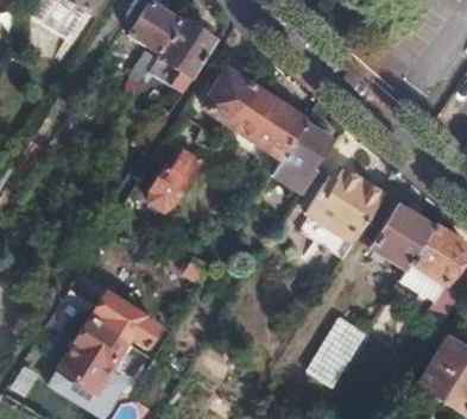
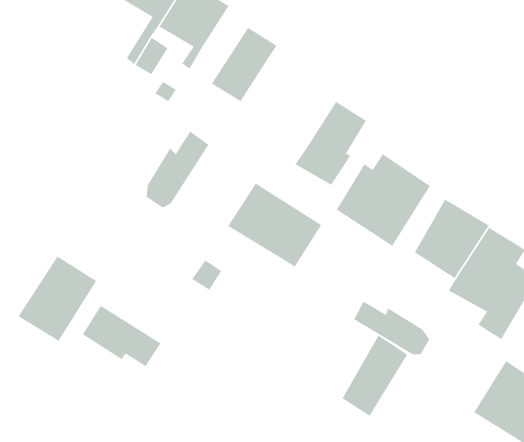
building: [225,86,304,157] -> [227,182,322,267]
building: none -> [353,300,430,355]
building: [58,318,125,390] -> [18,255,97,342]

